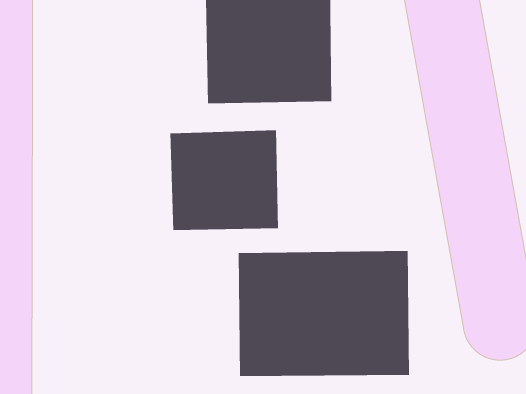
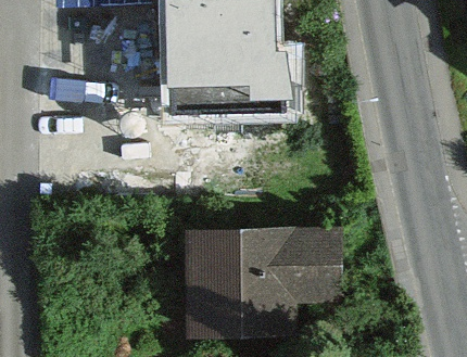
building: [170,130,278,231] -> none

